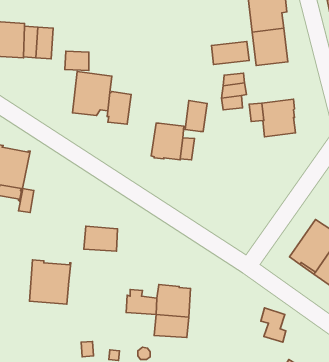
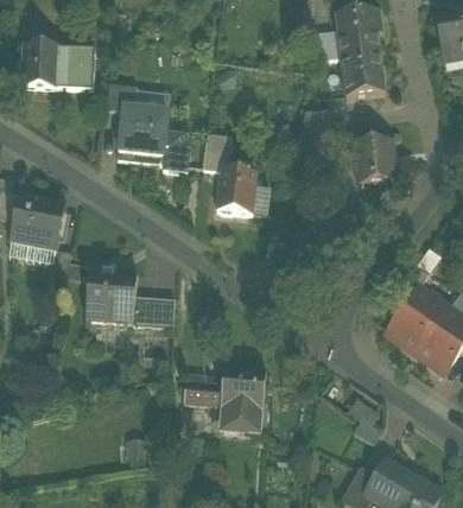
building: [211,41,249,65] -> none
building: [185,101,207,131] -> [202,129,229,167]
building: [29,260,71,304] -> [85,268,137,323]

